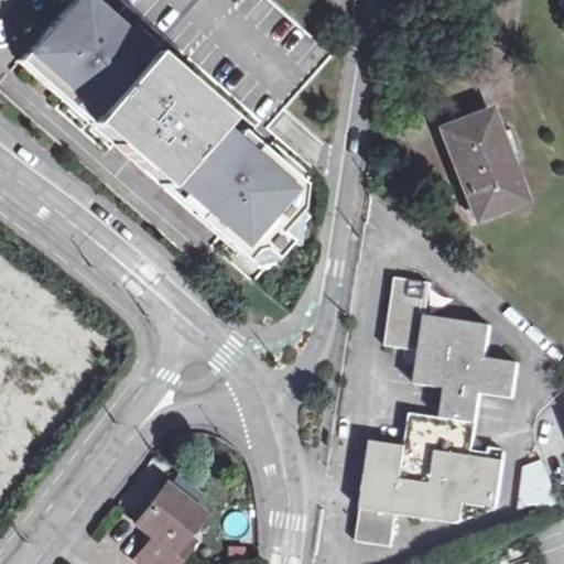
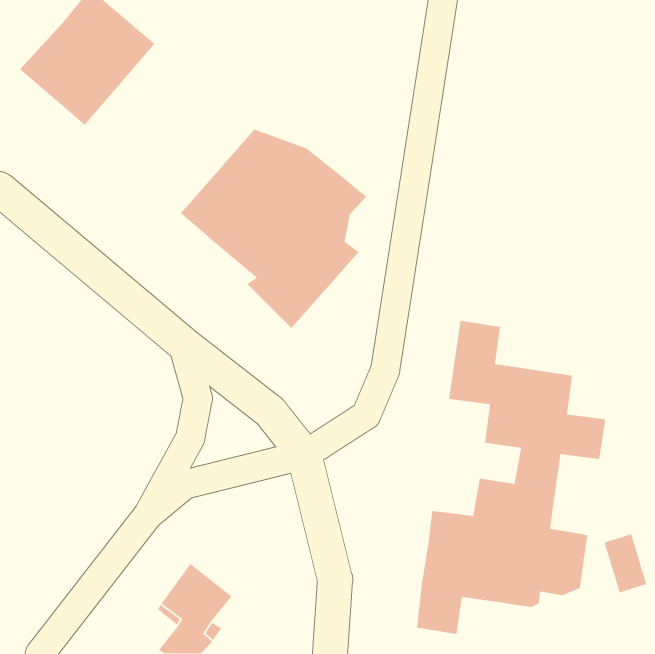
building: [62,37,218,183] -> none
building: [441,109,521,214] -> none

